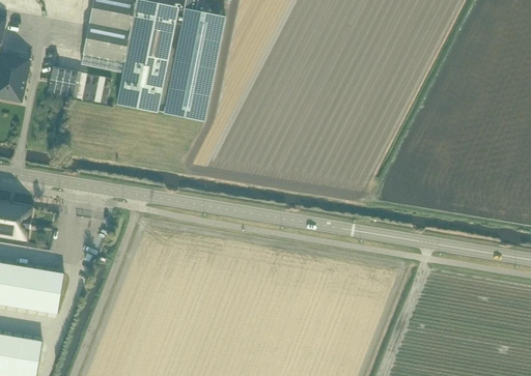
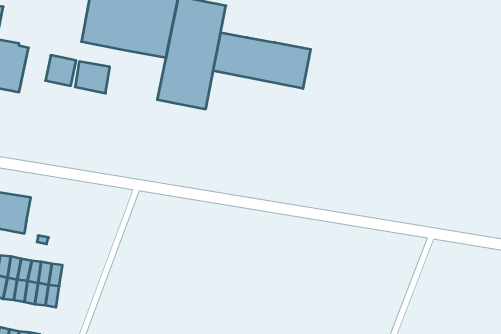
building: none -> [213,32,311,89]
building: [116,61,165,110] -> none

